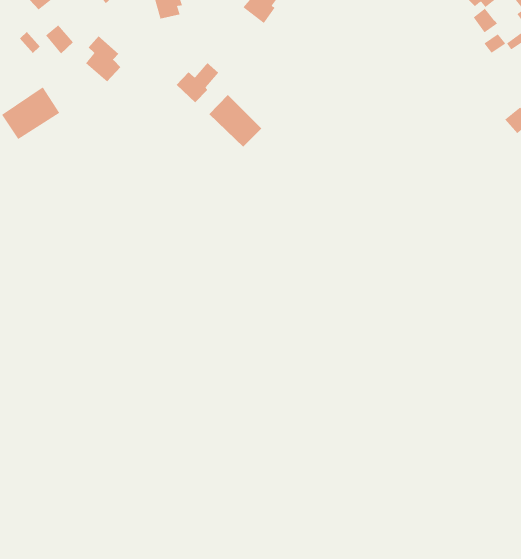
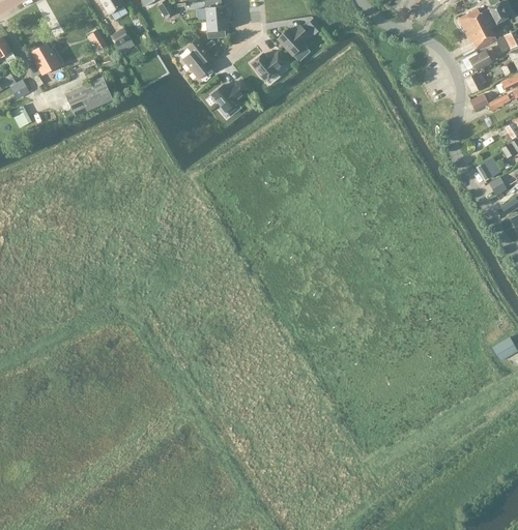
building: none -> [253,52,287,81]
building: [85,36,121,82] -> [184,38,213,78]
building: [209,94,262,147] -> none

